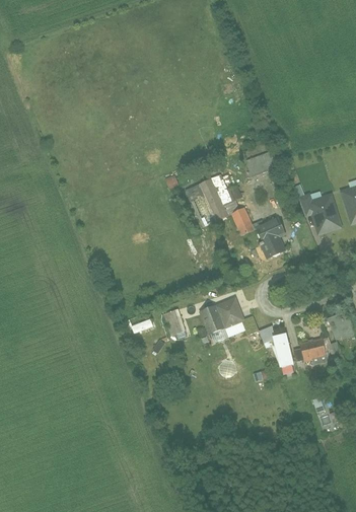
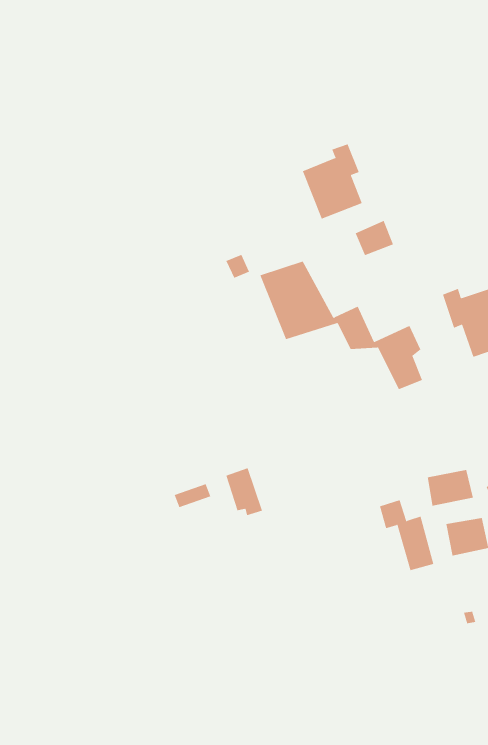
building: none -> [302,144,363,220]
building: [199,294,245,334] -> none
building: none -> [427,469,474,507]

